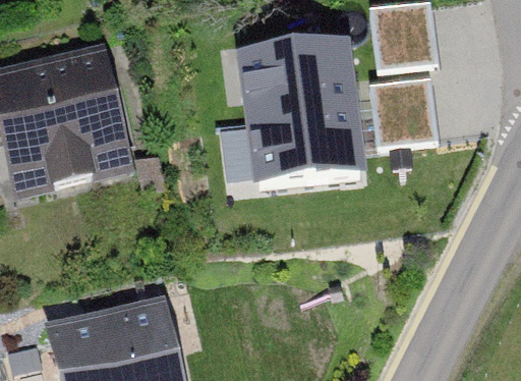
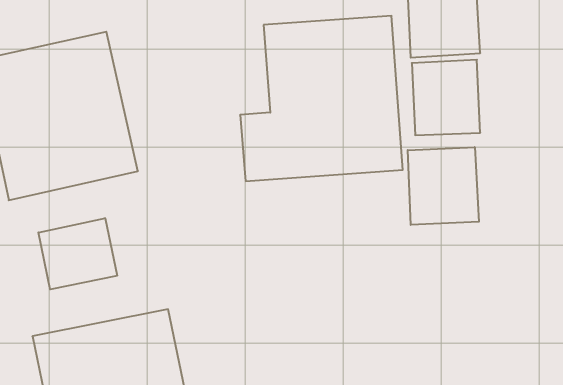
building: none -> [408,147,479,225]
building: none -> [38,218,117,289]

